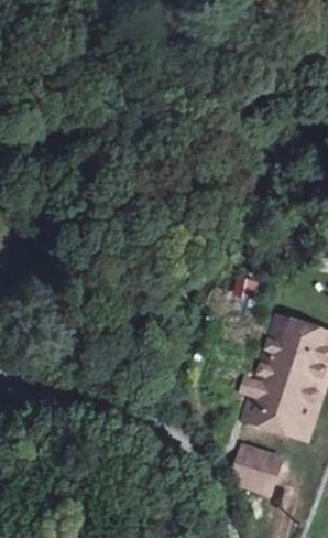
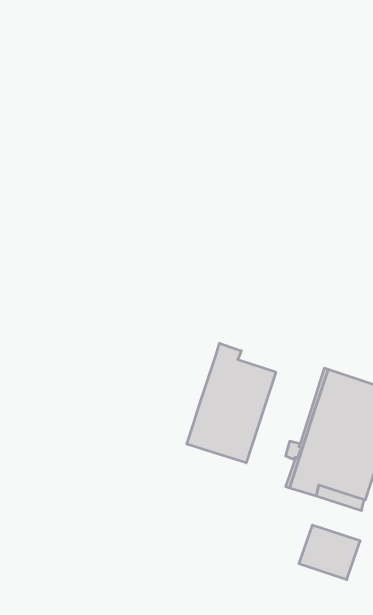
building: none -> [187,343,276,463]

